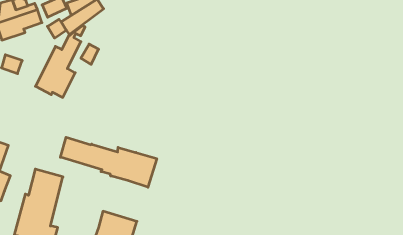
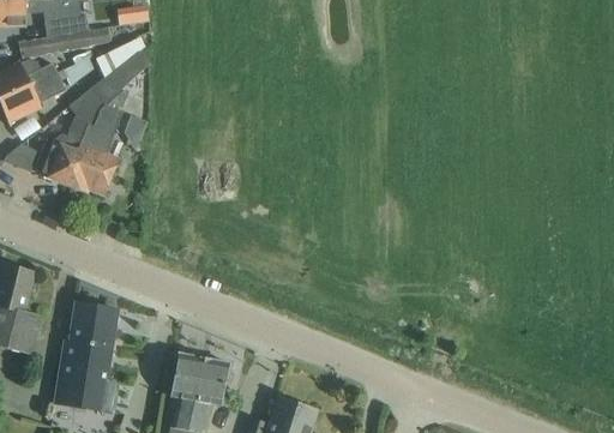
building: none -> [40,119,86,185]
building: [60,137,157,187] -> none

